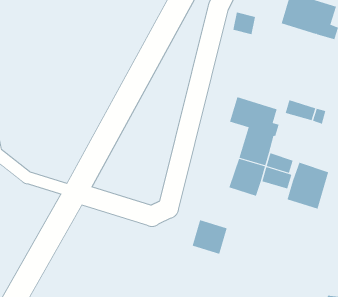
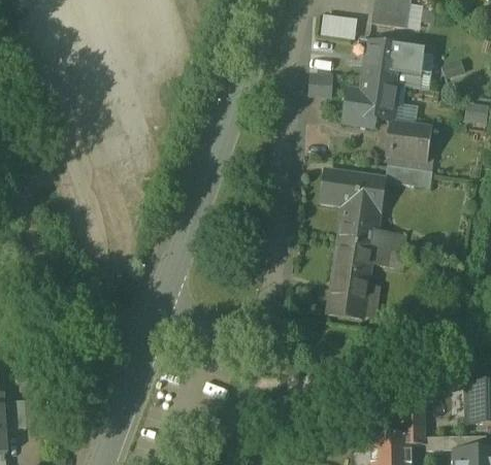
building: none -> [342,77,405,125]
building: none -> [388,121,431,157]
building: [287,162,329,210] -> none
building: [192,219,228,255] -> [328,277,366,314]

